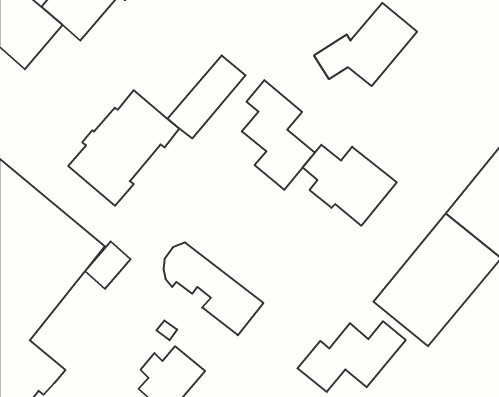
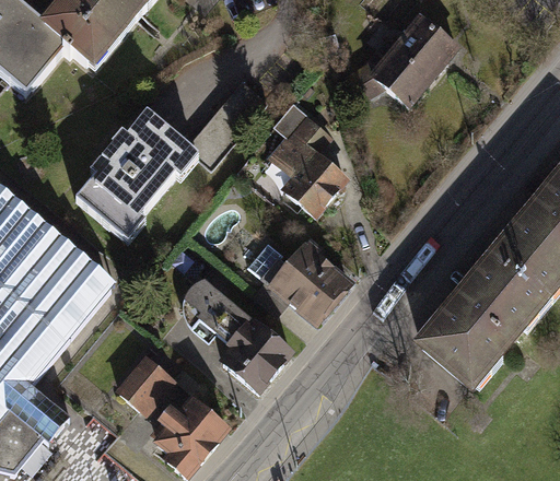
building: [303,145,397,226] -> [247,235,351,325]
building: [85,241,131,289] -> [119,354,170,407]
building: [297,321,406,392] -> none

